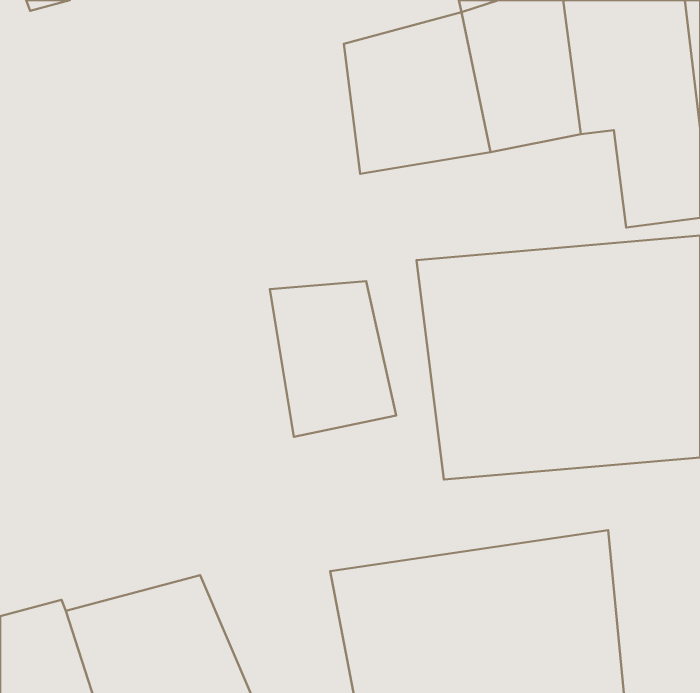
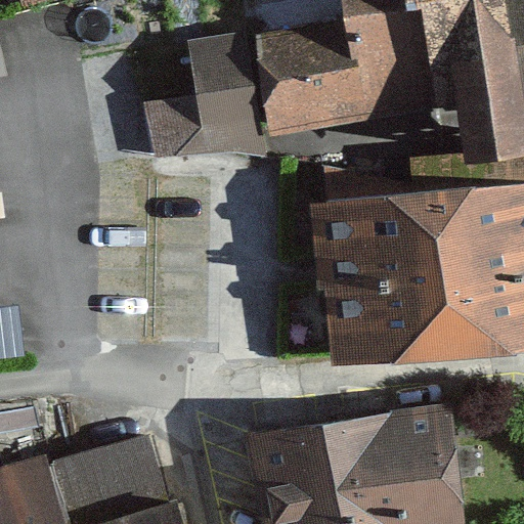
building: none -> [145,31,268,165]
building: [270,281,396,437] -> none

